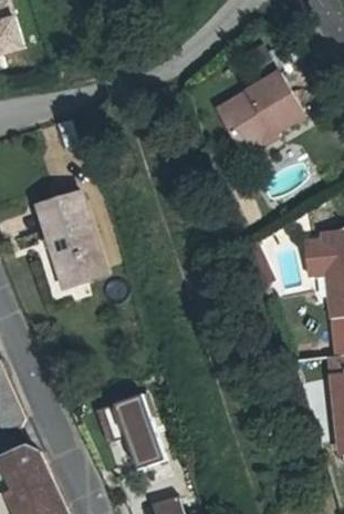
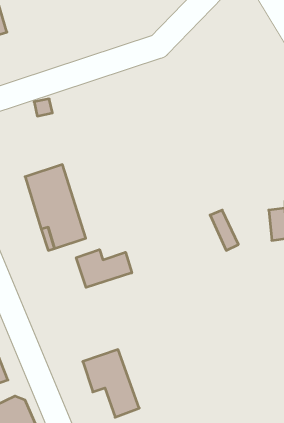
building: [222,73,311,154] -> none
building: none -> [76,250,132,287]

